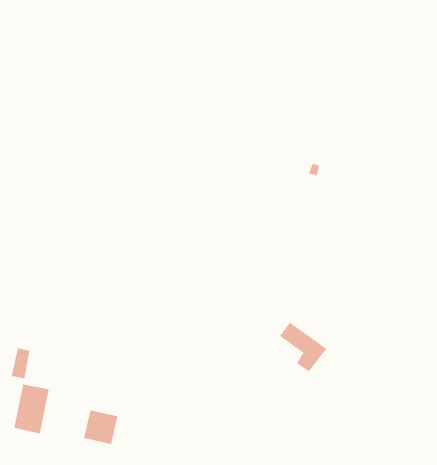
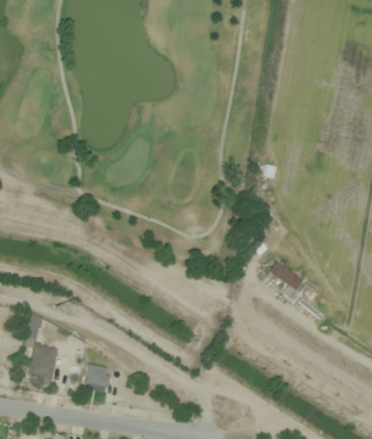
building: [279,322,327,372] -> [268,262,307,302]

